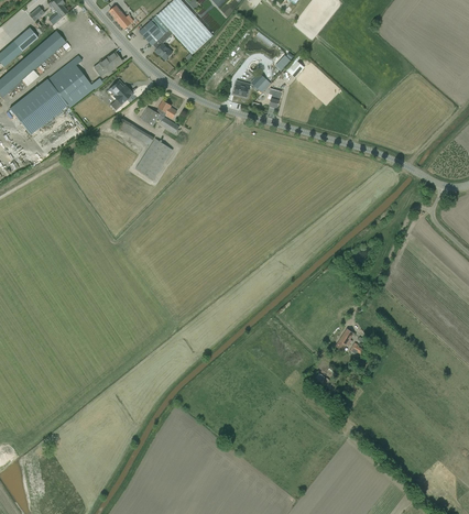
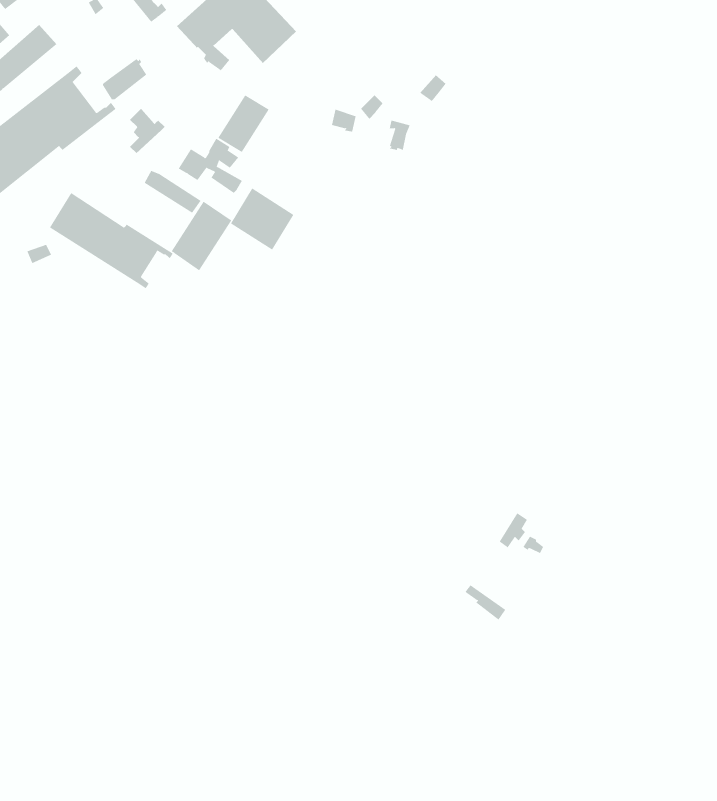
building: none -> [217,95,270,153]
building: none -> [230,188,294,251]
building: none -> [49,192,174,289]

